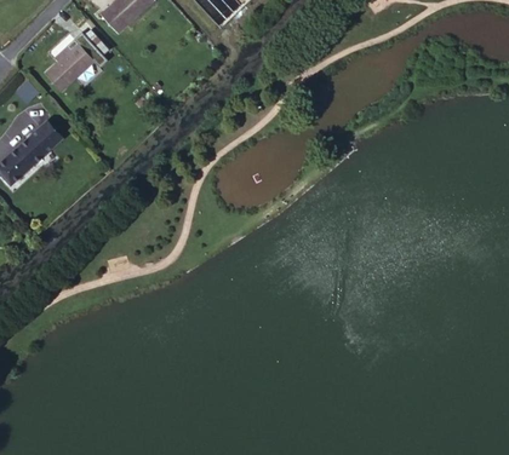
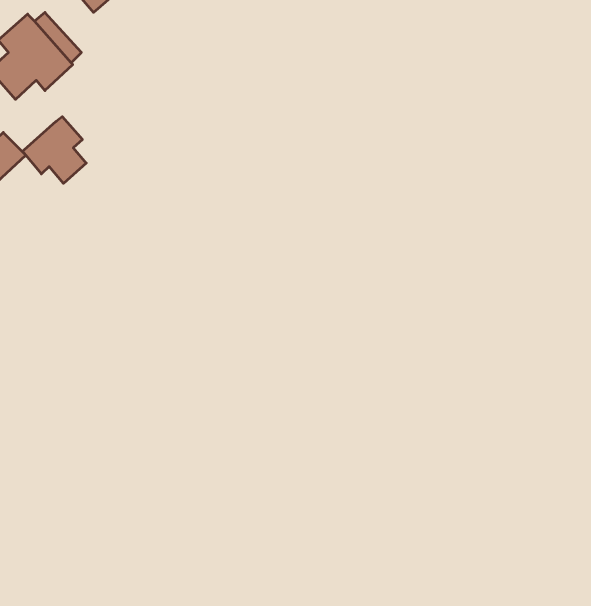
building: none -> [23,117,86,183]

